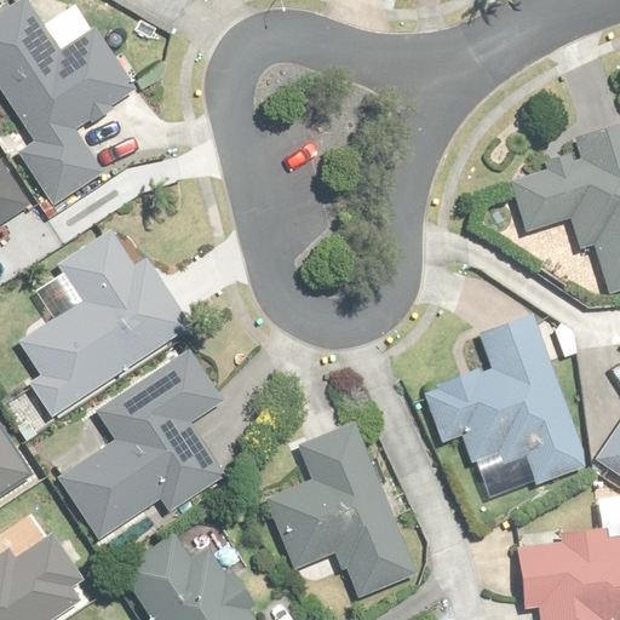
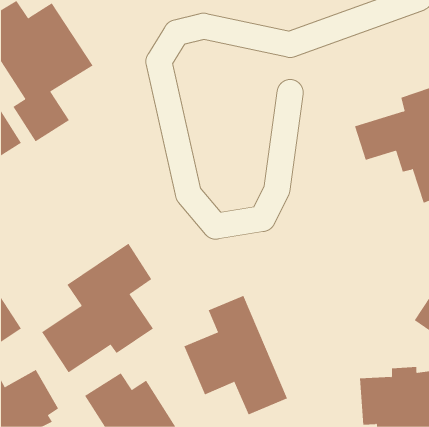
building: [21,234,188,415] -> none
building: [425,317,584,483] -> none

